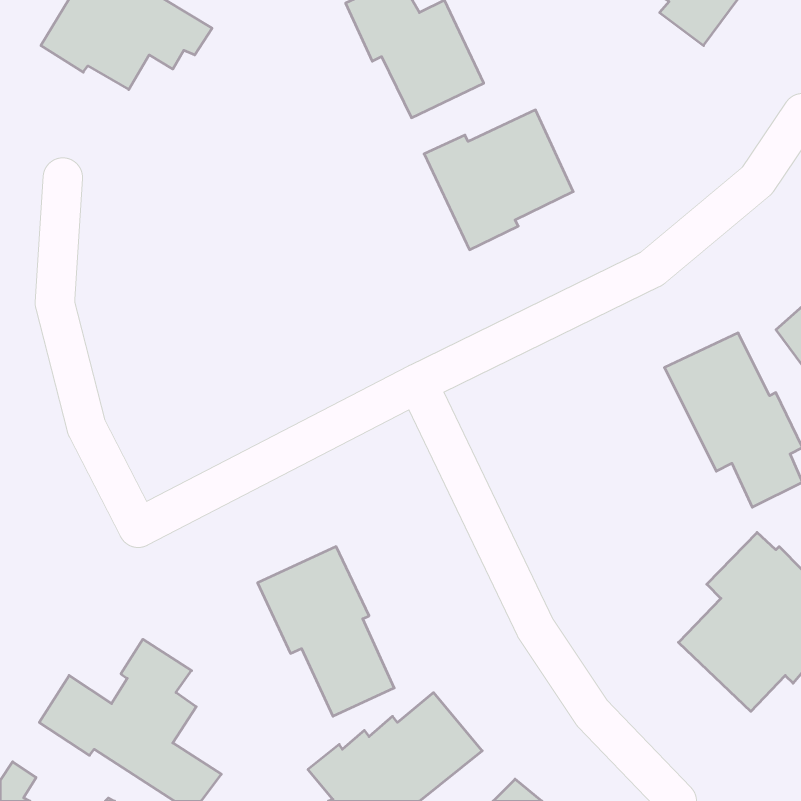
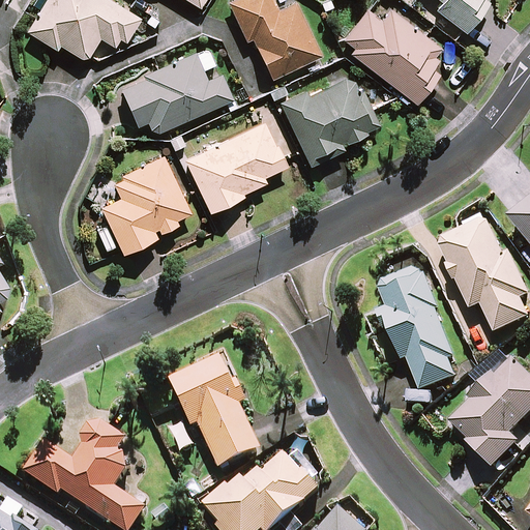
building: none -> [343,8,441,104]
building: none -> [120,47,233,134]
building: none -> [185,122,285,211]
building: none -> [98,155,189,253]
building: none -> [379,268,457,391]

